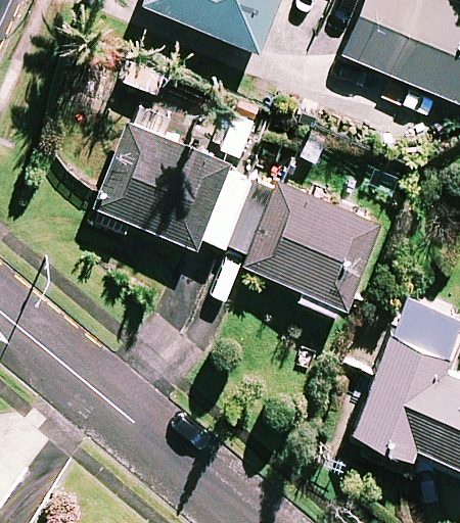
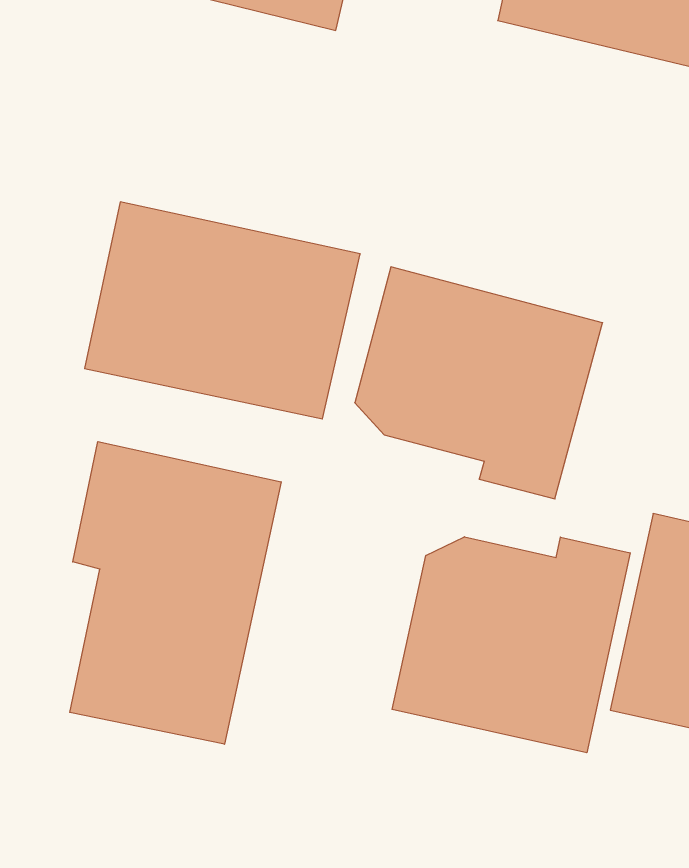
building: none -> [70,442,281,744]
building: none -> [392,537,630,753]

